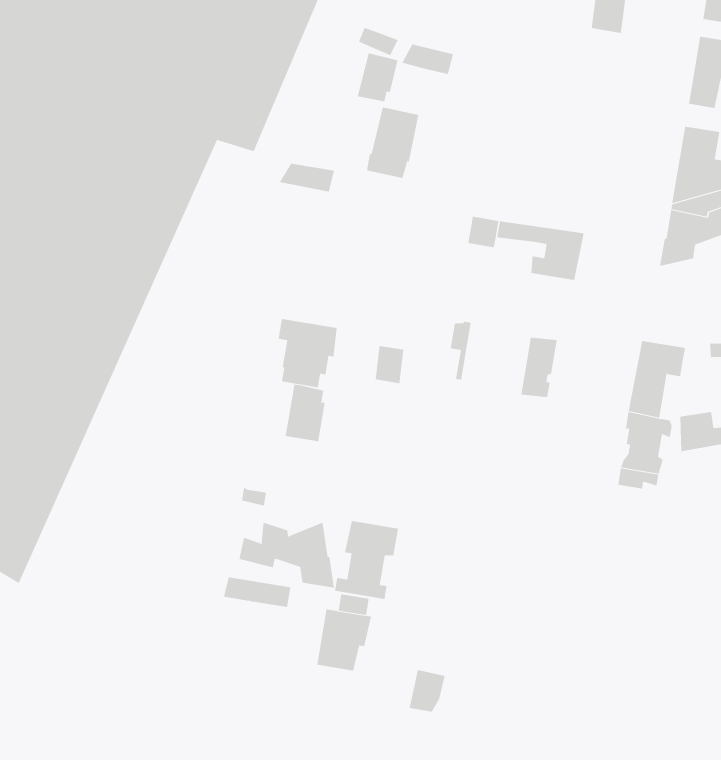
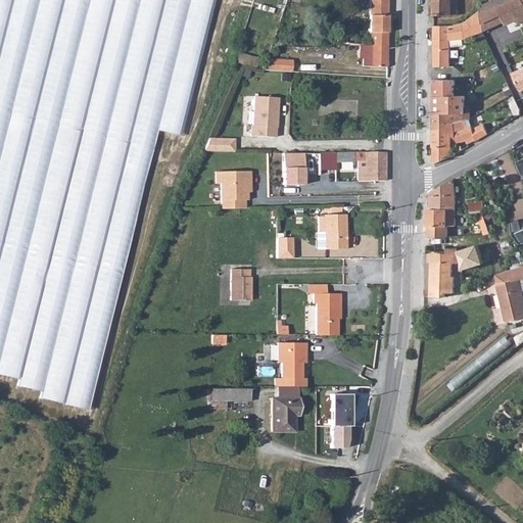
building: none -> [359,31,387,65]
building: [357,52,398,102] -> none
building: none -> [281,152,303,183]
building: none -> [429,178,455,208]
building: [278,319,337,388] -> [215,171,249,207]
building: [520,337,558,398] -> [328,213,344,249]
building: none -> [313,293,339,334]
building: [239,522,334,589] -> none
building: none -> [330,394,355,424]

